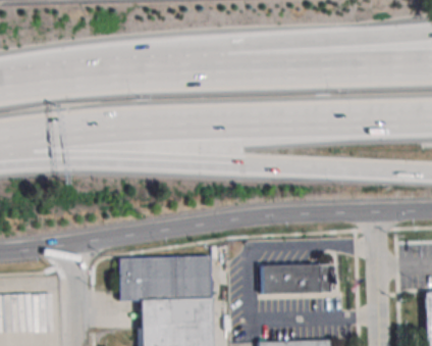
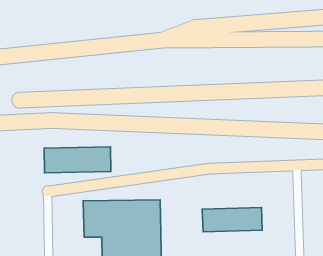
building: none -> [44,147,111,173]

